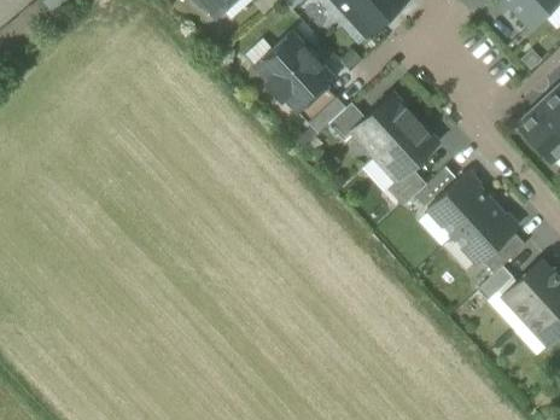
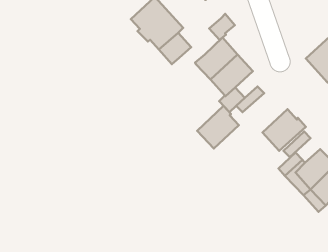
building: [327,101,366,140] -> [209,14,235,40]
building: [427,171,490,235] -> [197,106,239,148]

